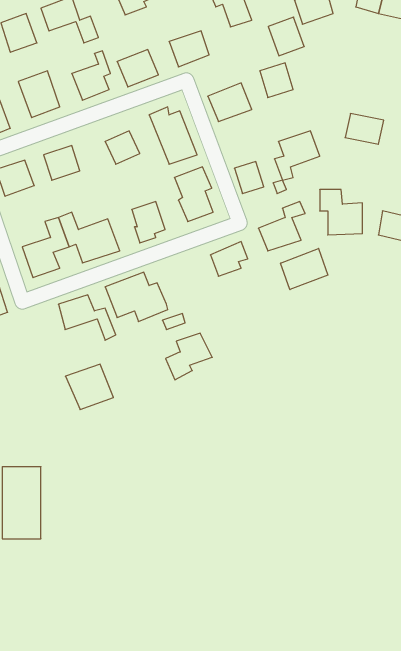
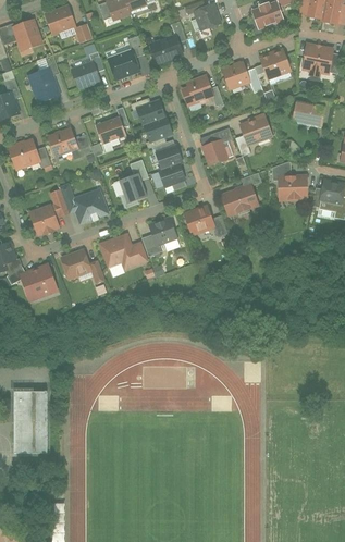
building: [268,17,304,56] -> [260,48,289,79]
building: none -> [300,44,333,75]
building: [281,248,328,290] -> none
building: [166,333,212,380] -> [139,219,177,257]
building: [65,364,113,410] -> [17,263,57,300]

